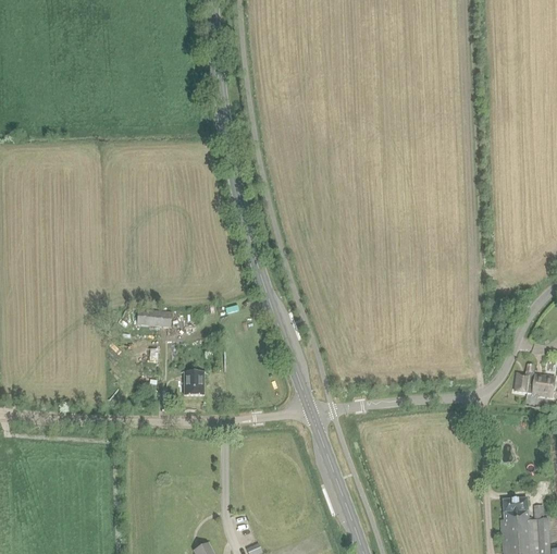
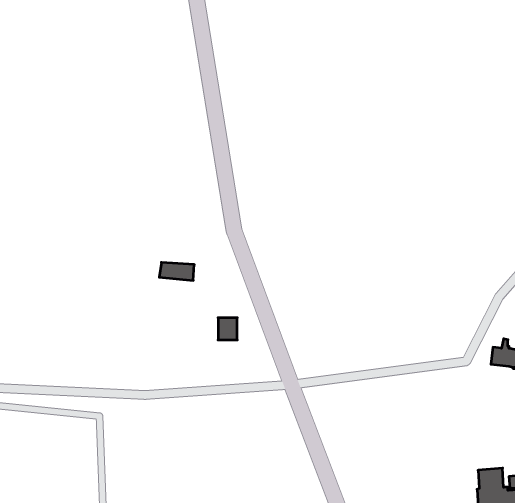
building: [136,311,172,330] -> [159,262,194,280]
building: [185,374,205,397] -> [218,318,237,340]

